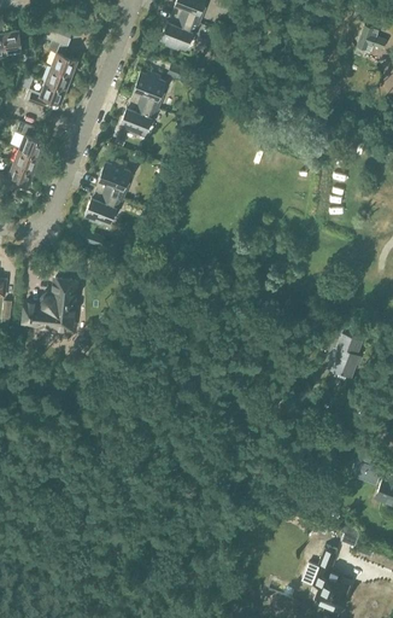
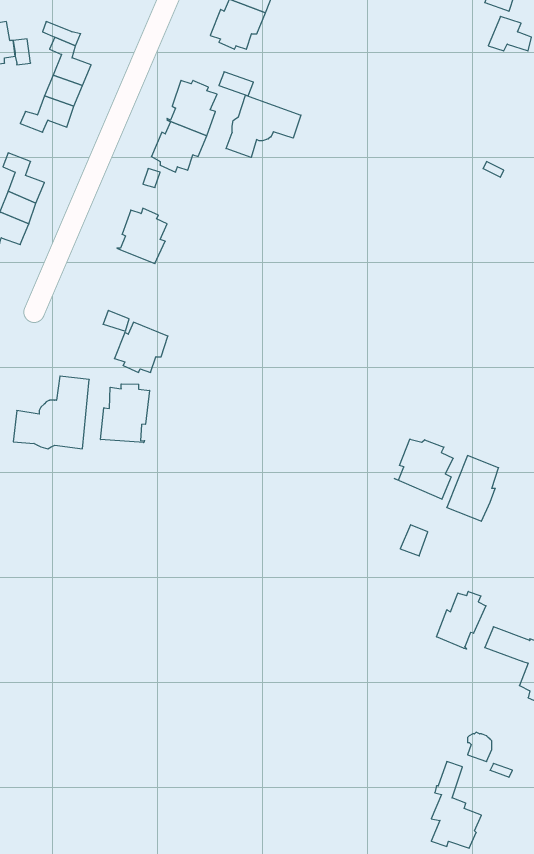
building: none -> [226,95,301,157]
building: [84,190,122,225] -> [114,322,168,372]
building: none -> [101,384,150,443]
building: none -> [394,439,453,499]
building: none -> [437,591,486,649]

